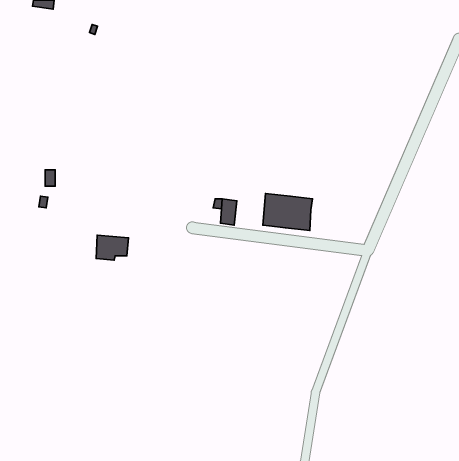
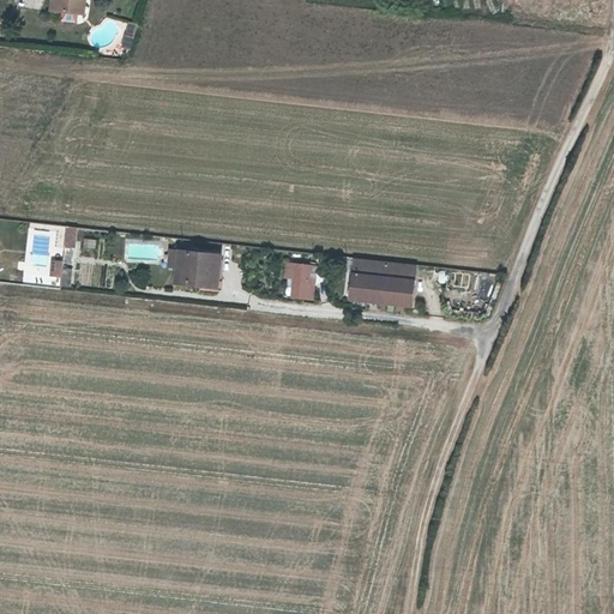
building: [96,235,129,260] -> [176,251,219,284]

